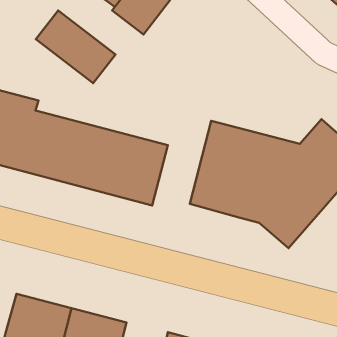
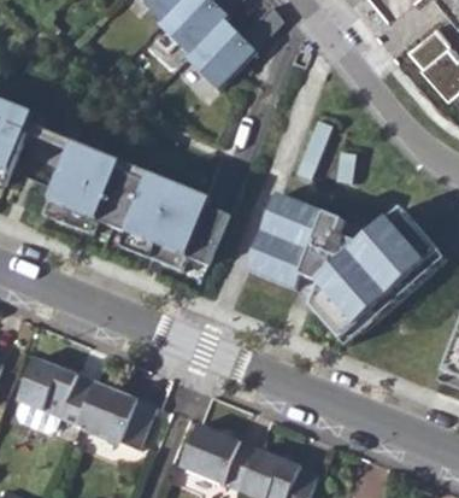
building: [36,10,116,83] -> none

